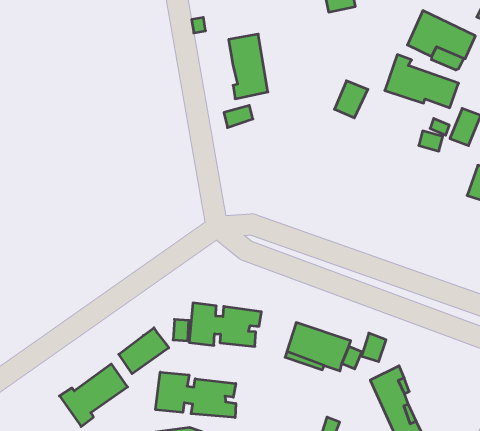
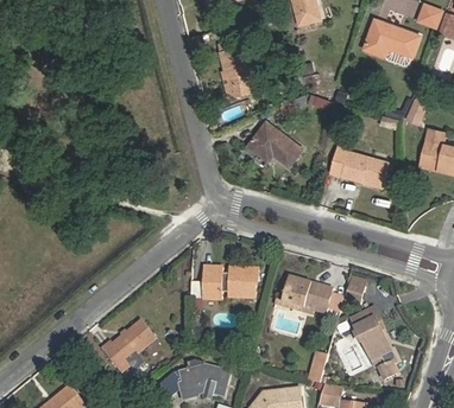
building: [385,55,459,108] -> [329,142,389,183]
building: none -> [248,122,303,167]
building: [119,328,169,374] -> none
building: [156,372,236,418] -> none

